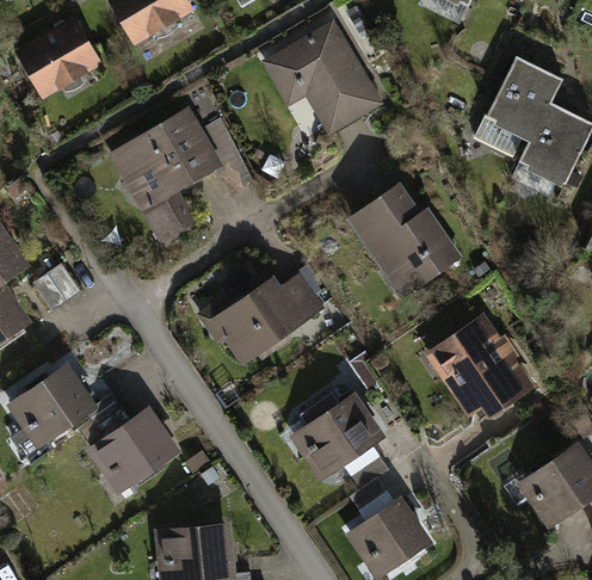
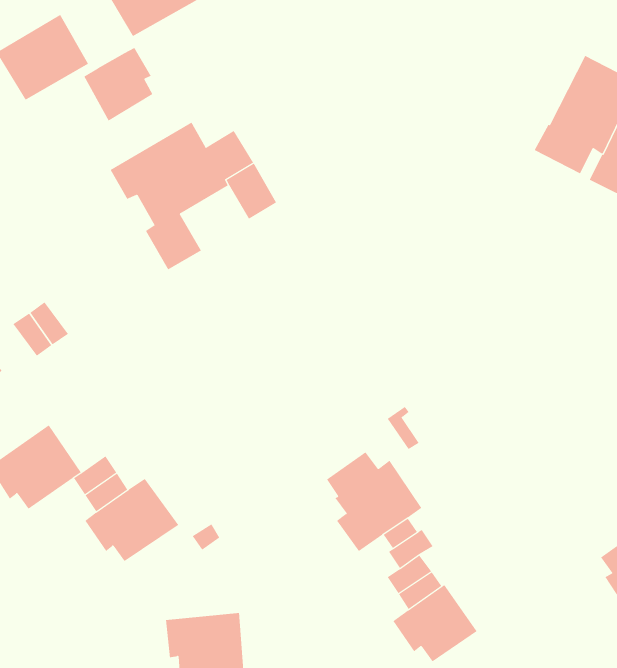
building: [267,26,375,129] -> none
building: none -> [84,47,153,121]
building: [351,186,456,290] -> none
building: [222,278,320,359] -> none
building: [431,320,526,412] -> none

